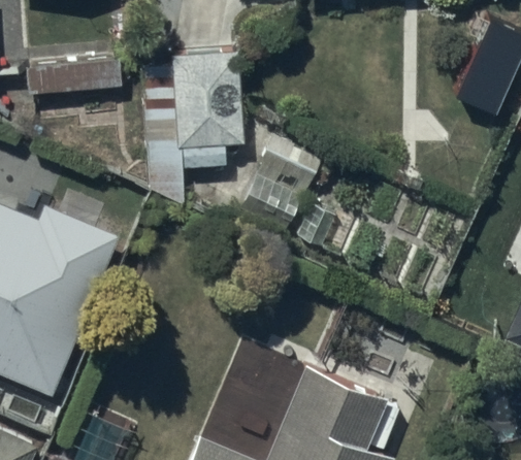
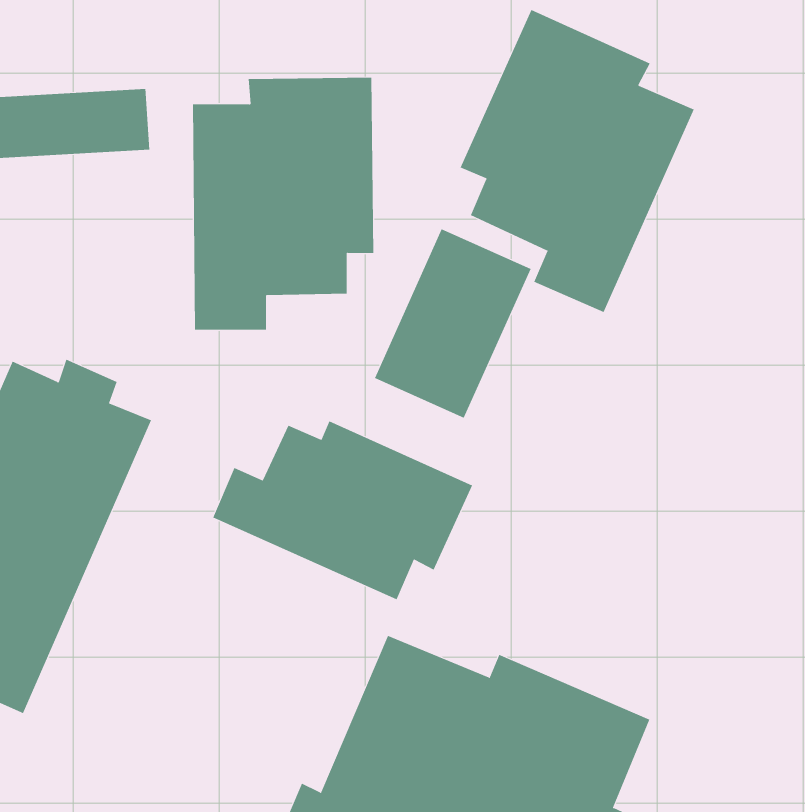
building: none -> [460,9,694,313]
building: none -> [212,421,473,600]

